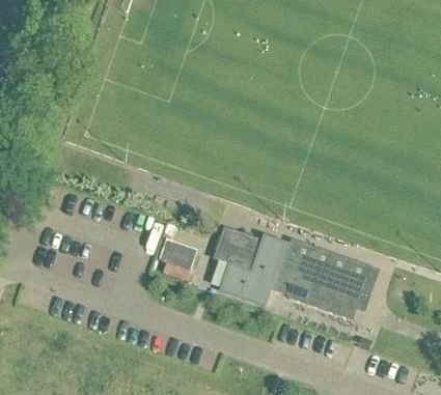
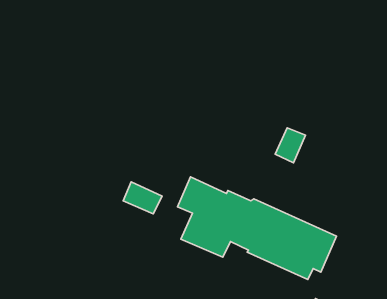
building: none -> [275,128,306,163]

